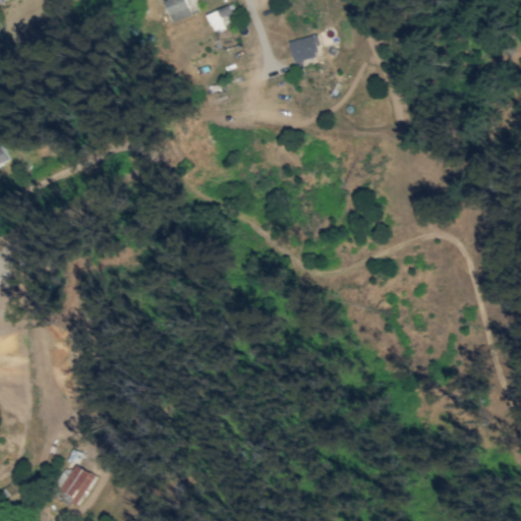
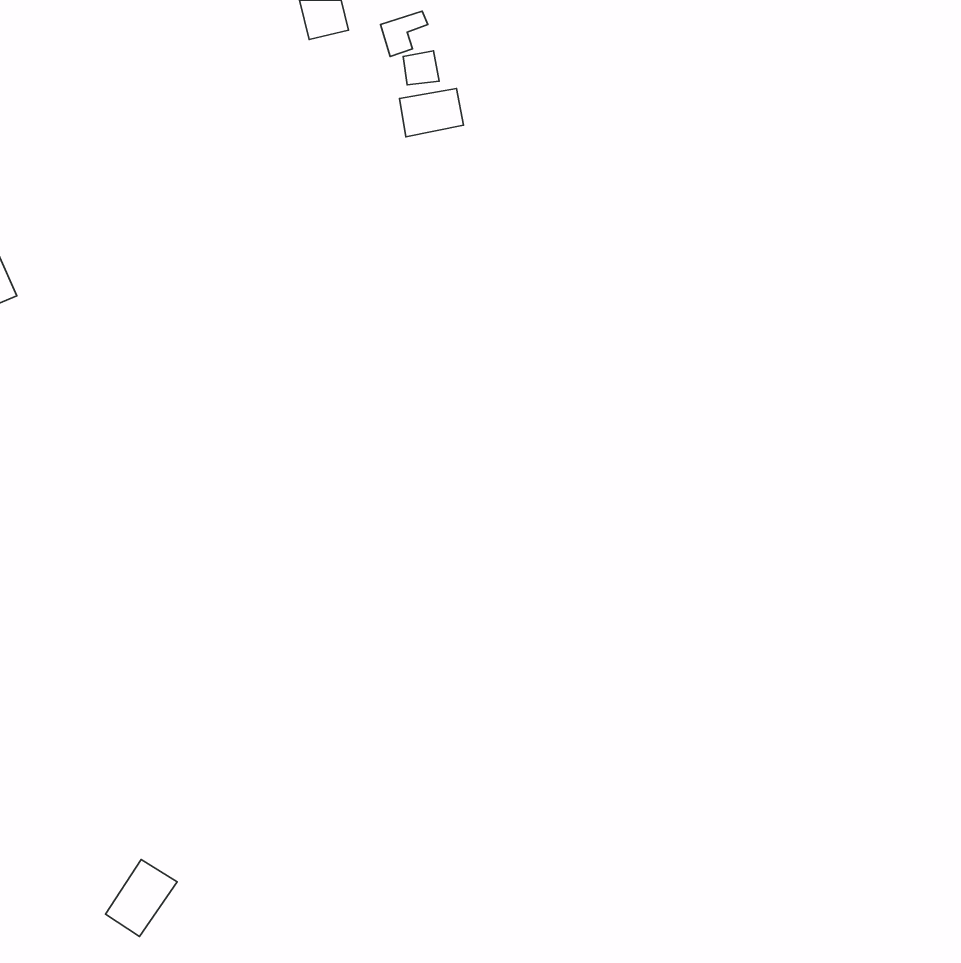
building: [288,35,322,61] -> none
building: none -> [400,88,463,137]

